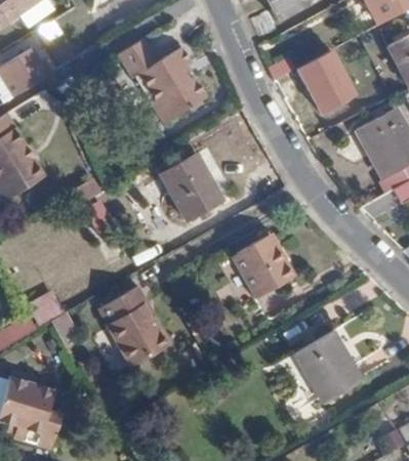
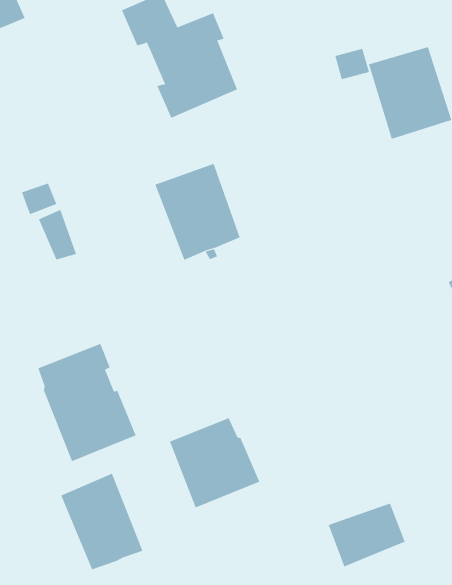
building: [231,234,296,298] -> [169,418,260,508]
building: [294,332,352,383] -> none
building: none -> [60,473,143,570]

